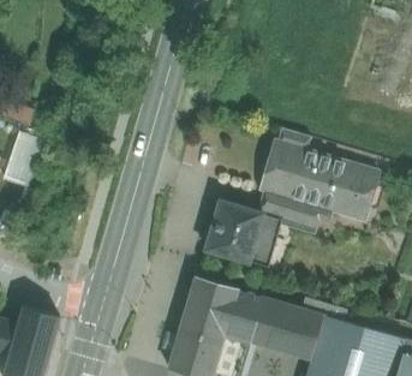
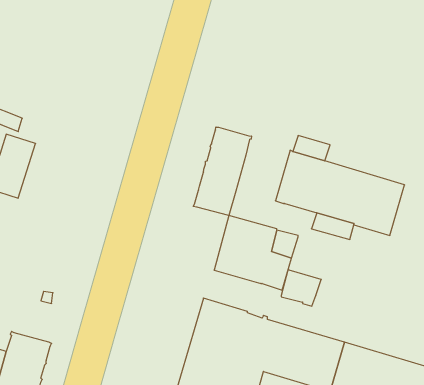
building: none -> [193,127,251,215]
building: [262,191,298,223] -> [281,270,321,306]

